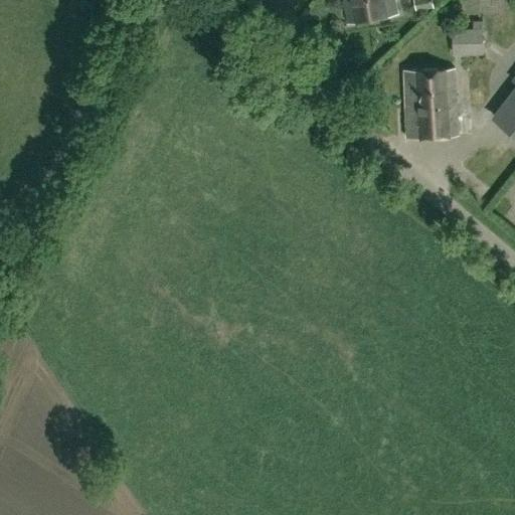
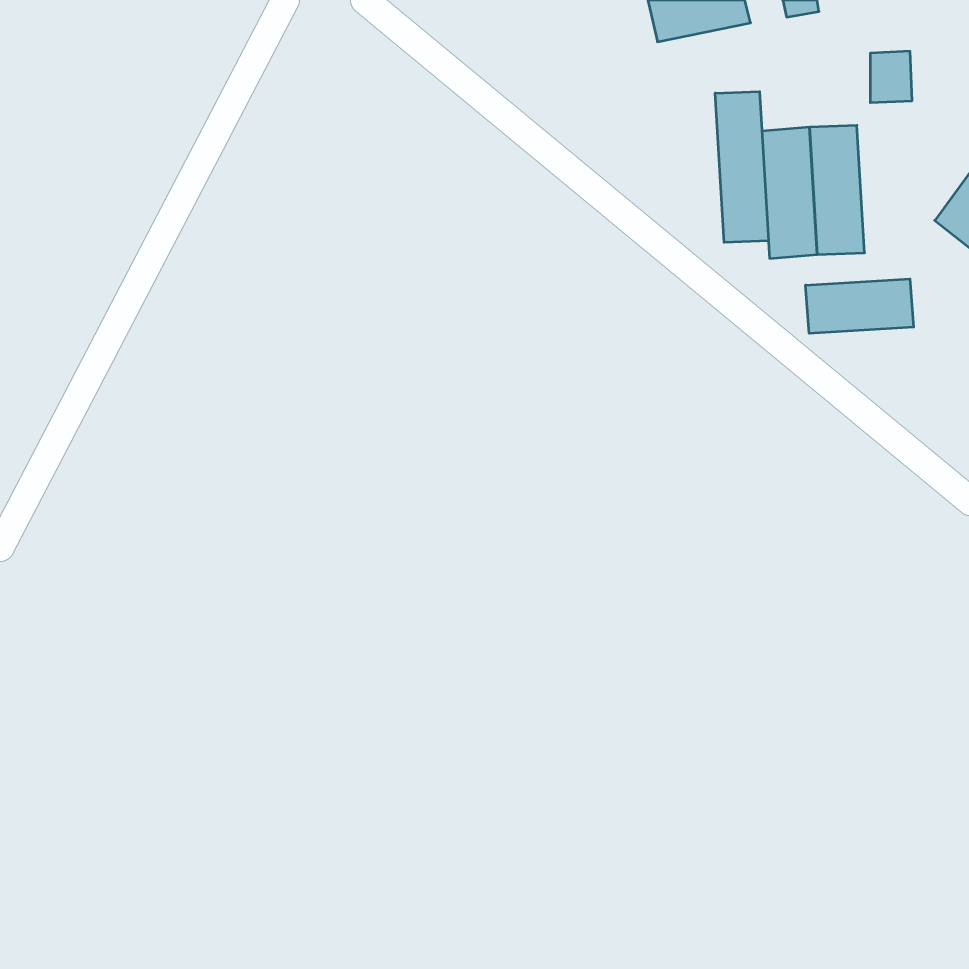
building: none -> [715,92,768,242]
building: none -> [806,279,914,333]

